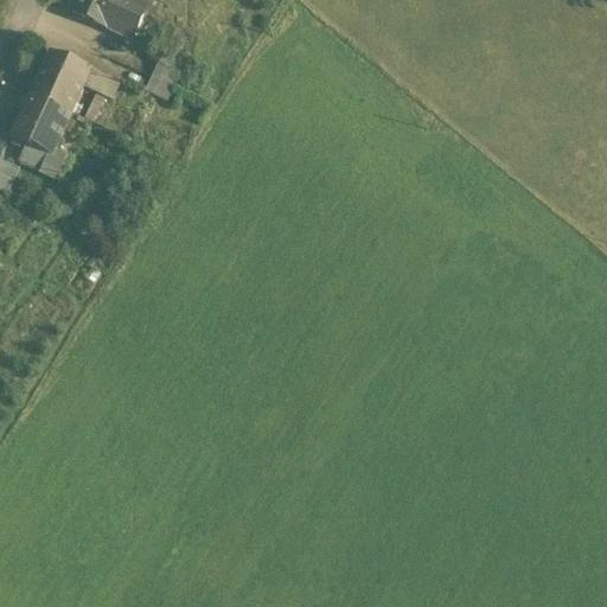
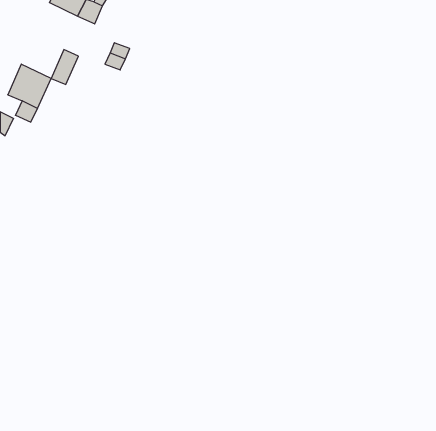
building: [30,46,91,109] -> none

